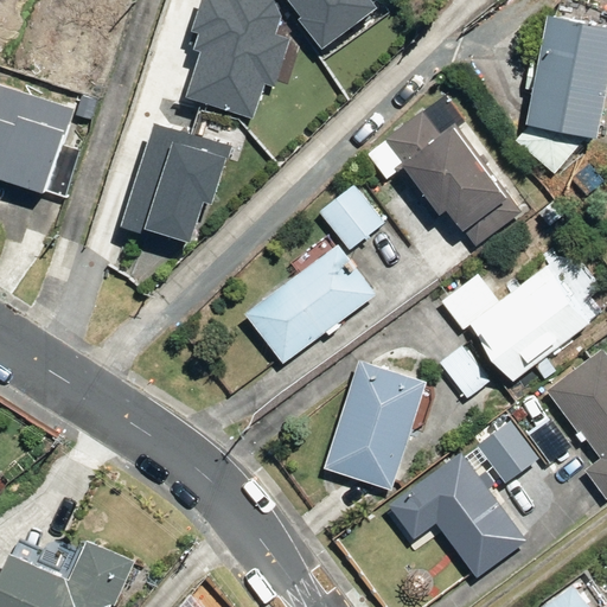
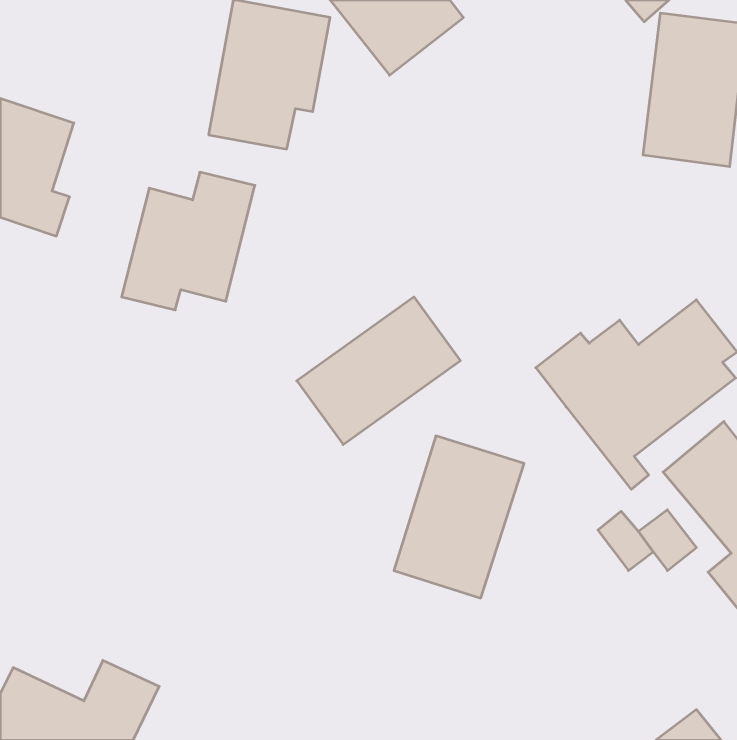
building: [368,90,535,250] -> none
building: [320,183,386,250] -> none
building: [389,442,529,580] -> none

